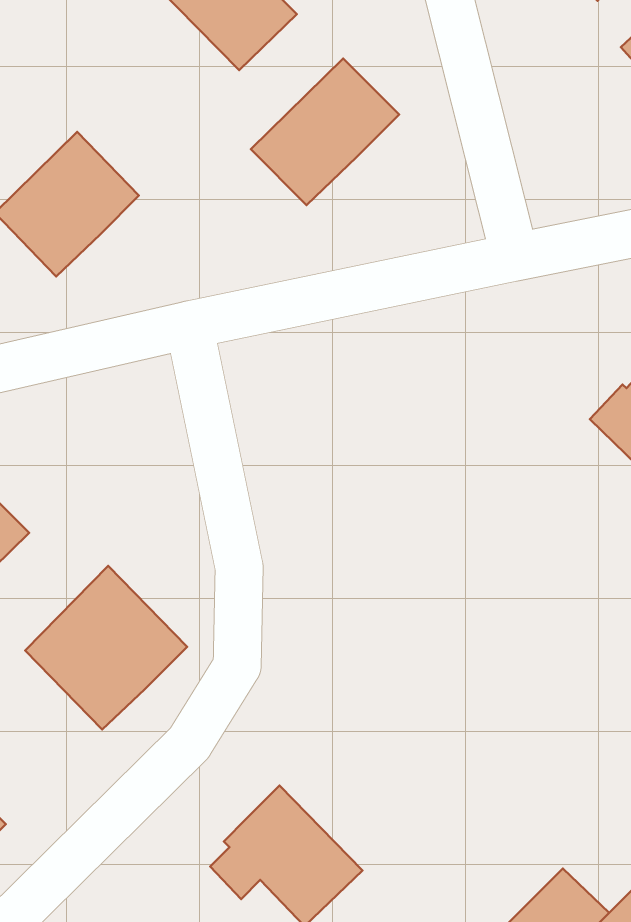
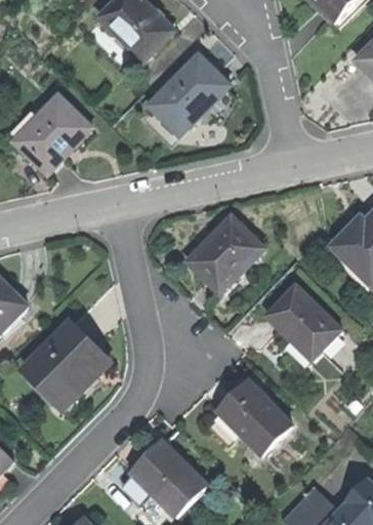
building: none -> [182,218,260,292]
building: none -> [262,286,338,361]
building: none -> [212,381,291,454]

